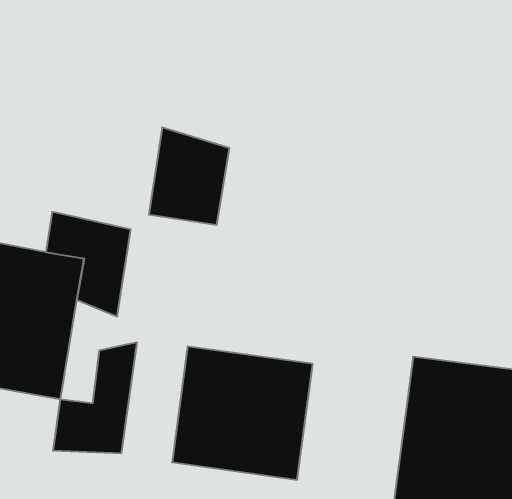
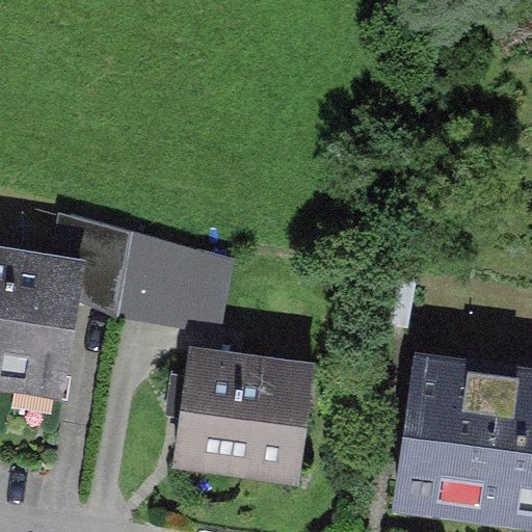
building: [149,128,229,225] -> [119,232,201,329]
building: [53,342,137,453] -> none

